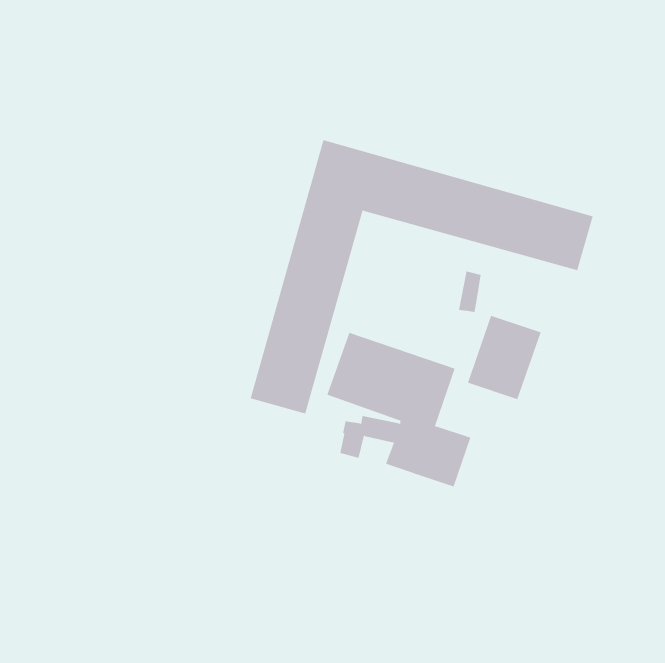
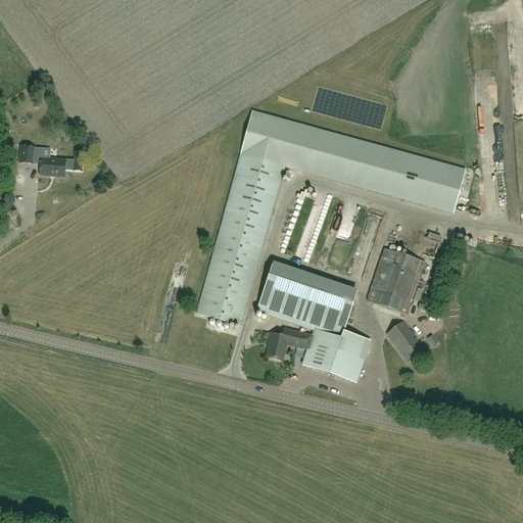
building: none -> [19,144,85,176]
building: none -> [386,321,425,363]

